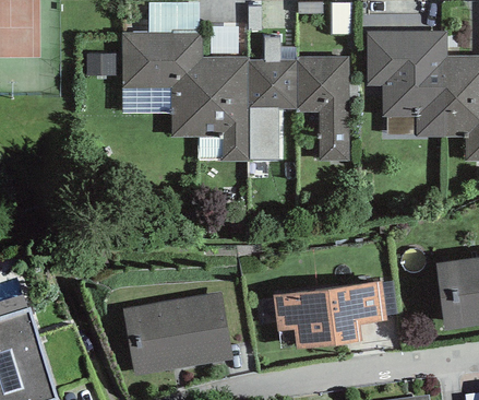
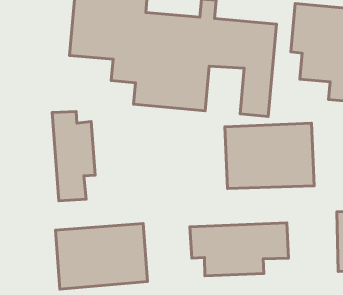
building: none -> [225,123,314,188]
building: none -> [52,111,95,201]

